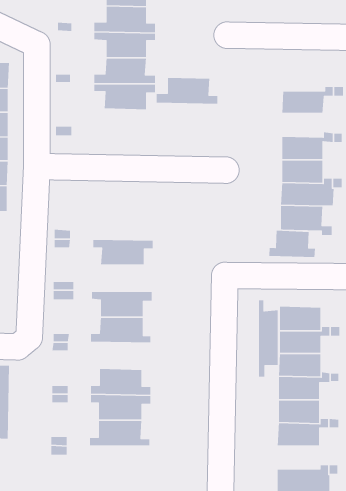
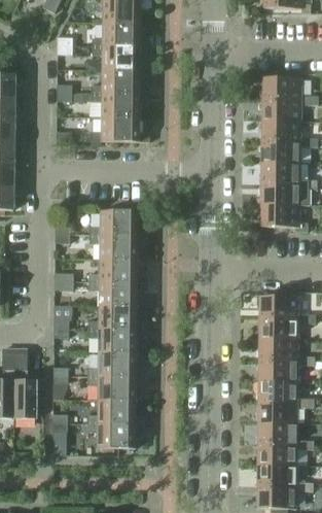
building: none -> [263,77,301,100]
building: [156,77,218,104] -> [91,116,147,141]
building: none -> [262,121,300,142]
building: none -> [91,211,146,236]
building: [269,230,316,258] -> none
building: none -> [90,259,145,282]
building: [258,299,279,386] -> none
building: none -> [88,329,144,353]
building: none -> [14,349,37,417]
building: none -> [81,423,143,447]
building: none -> [258,423,297,444]

